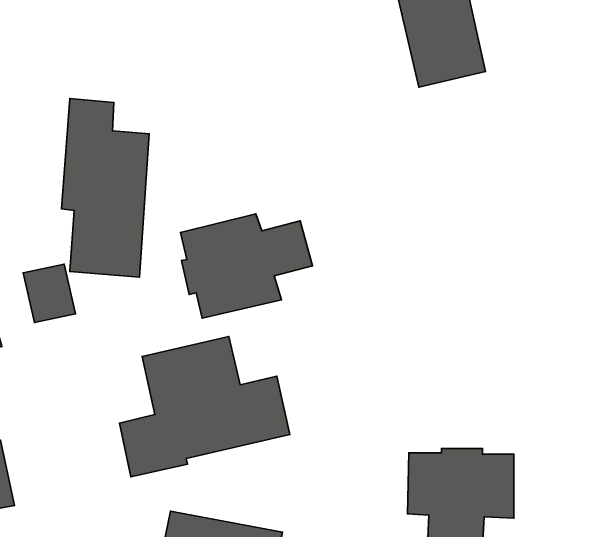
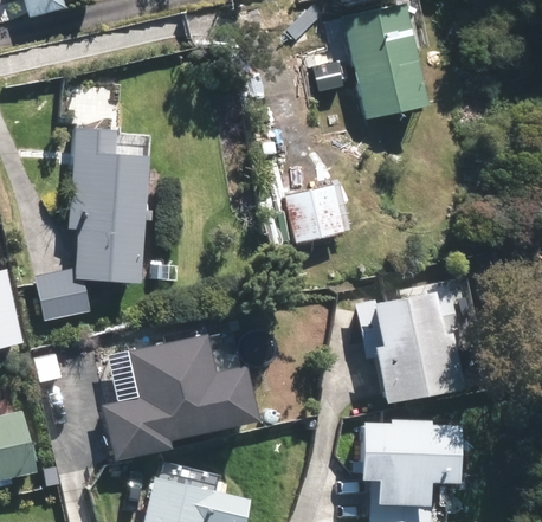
building: none -> [290,188,341,247]
building: [180,214,313,318] -> none
building: none -> [373,292,462,404]

